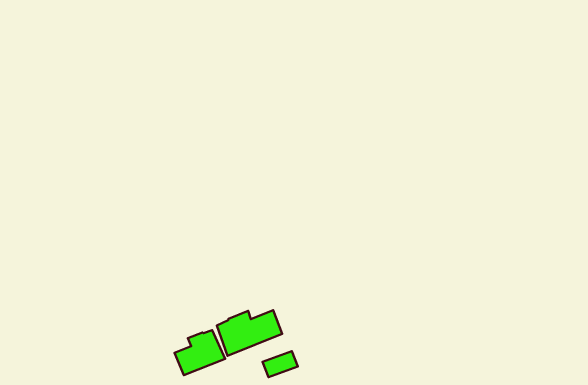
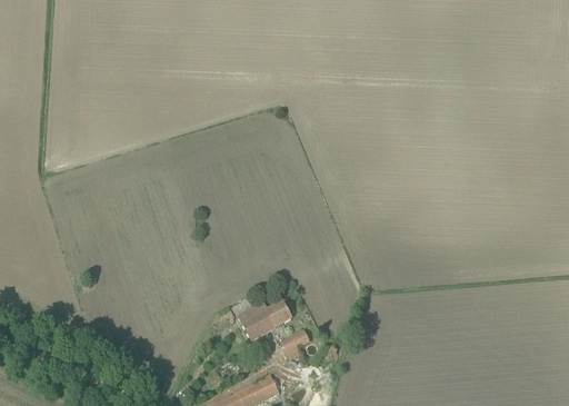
building: [174,330,225,375] -> none

